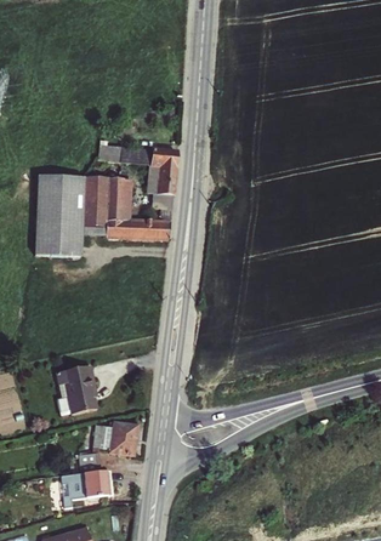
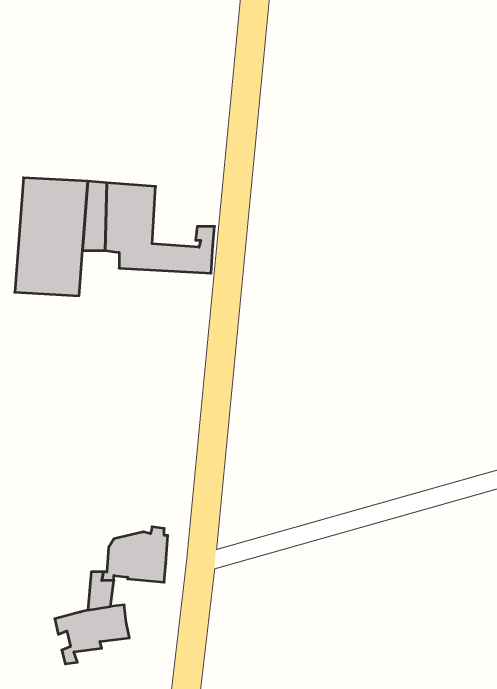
building: [119,149,176,195] -> none
building: [57,365,95,415] -> none

